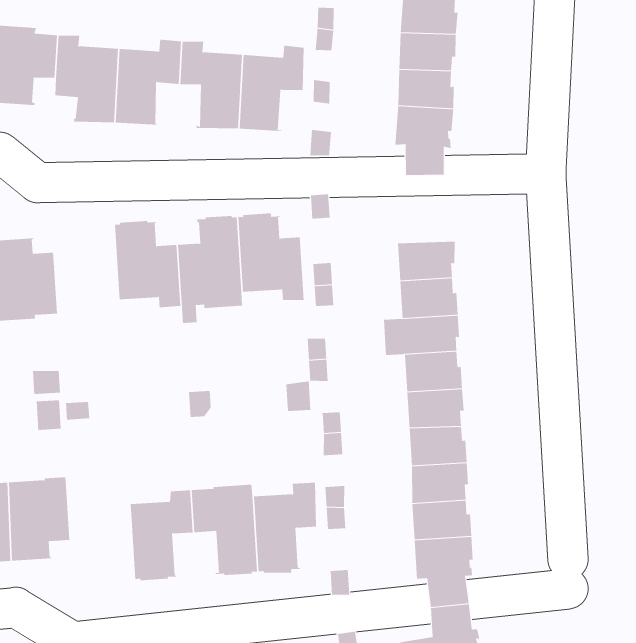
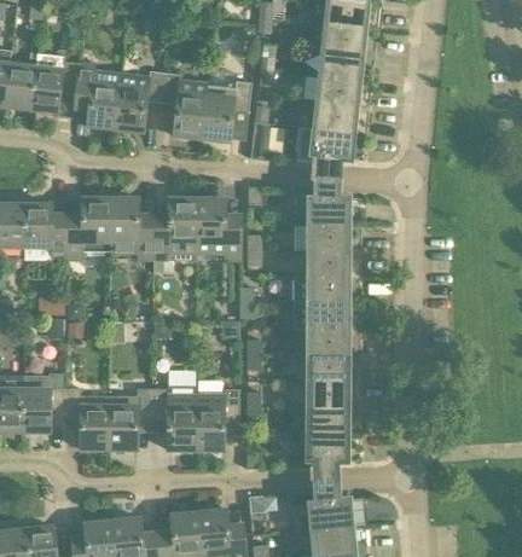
building: none -> [307,176,348,225]
building: none -> [65,197,109,259]
building: none -> [64,388,108,449]

